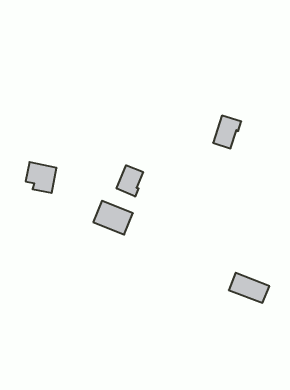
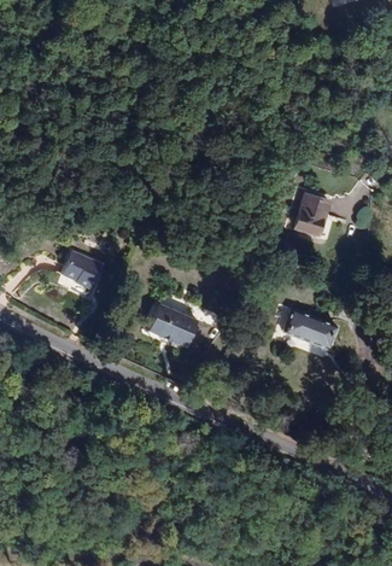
building: [117,165,143,197] -> none
building: [229,273,269,303] -> [285,310,335,348]

